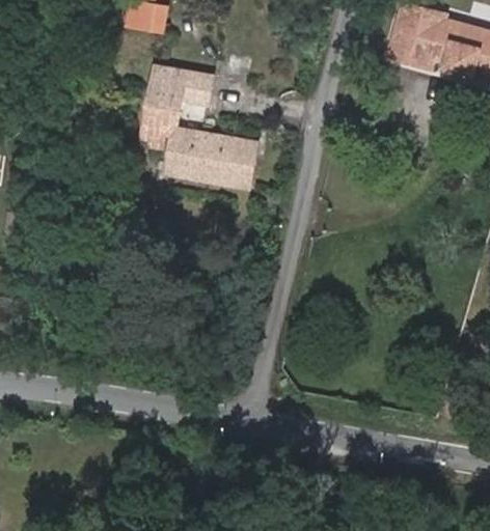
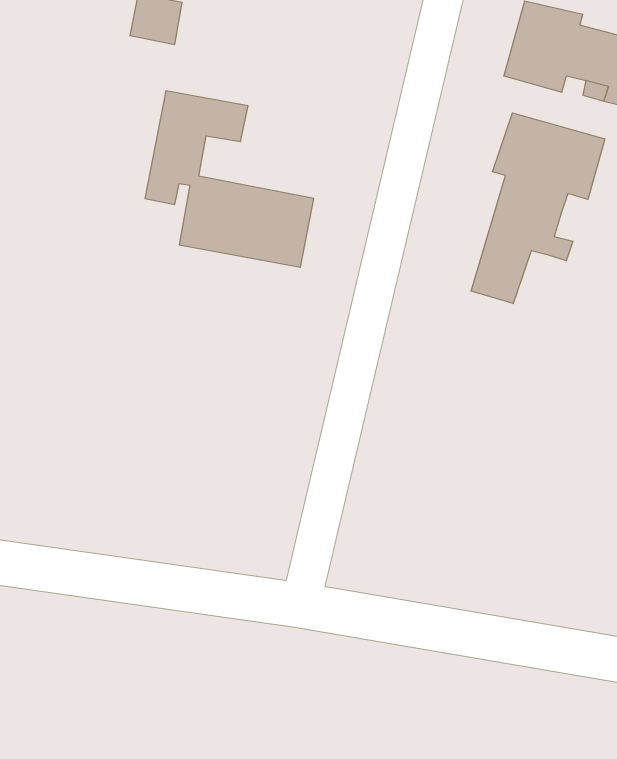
building: none -> [471,113,605,304]

